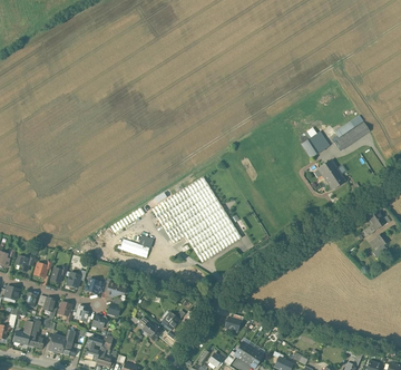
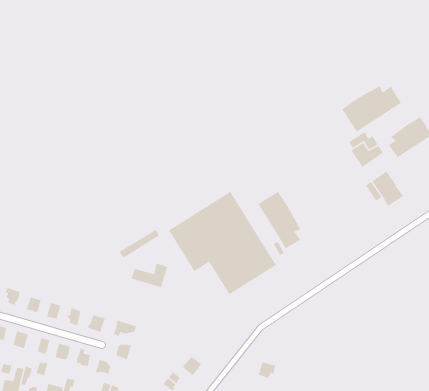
building: none -> [341,85,402,133]
building: none -> [257,191,301,249]

